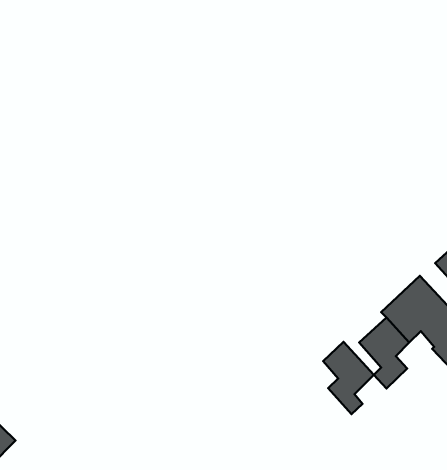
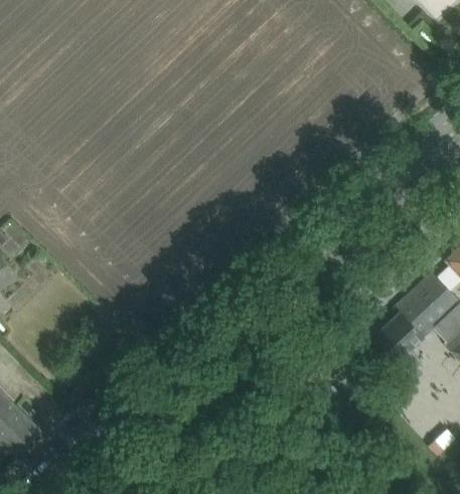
building: [323,342,374,414] -> none

